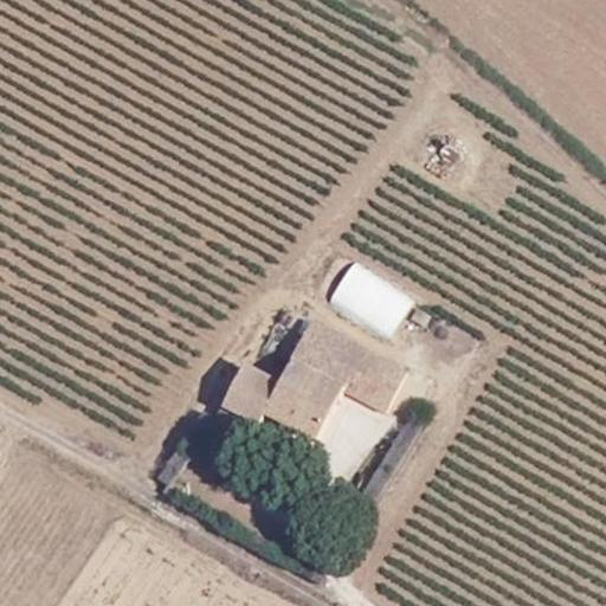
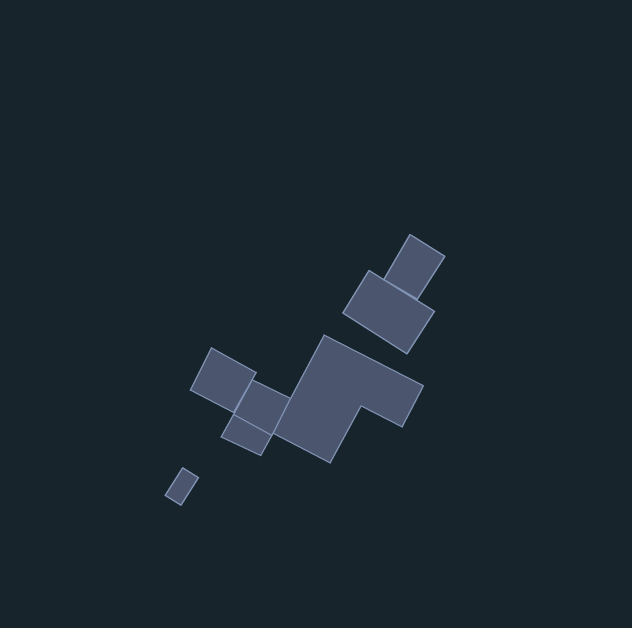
building: none -> [384,235,445,299]
building: none -> [190,348,256,412]

